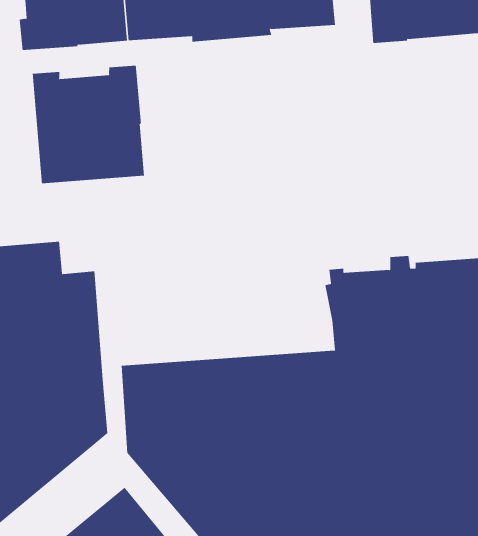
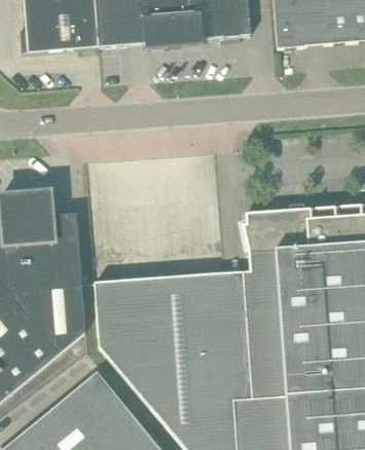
building: [32,65,144,184] -> none

